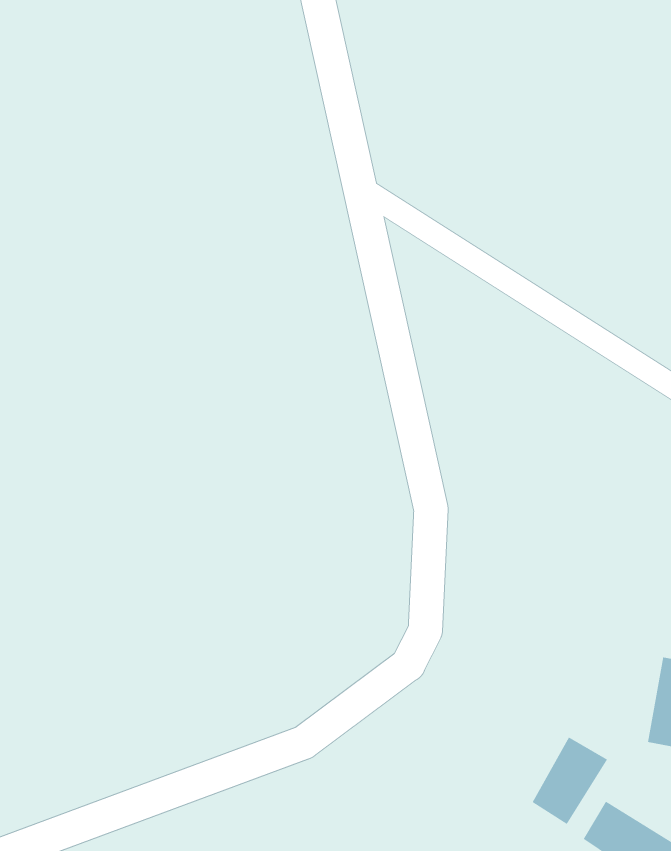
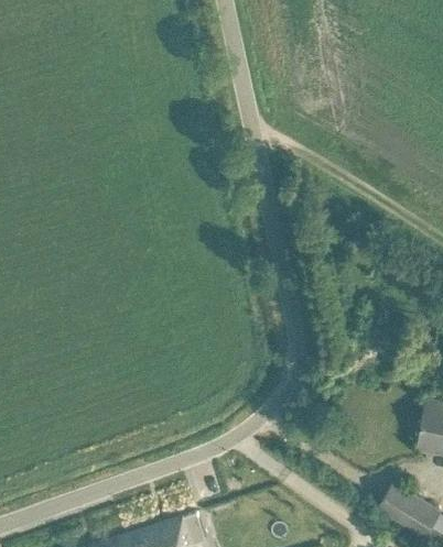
building: [532,737,608,825] -> none

